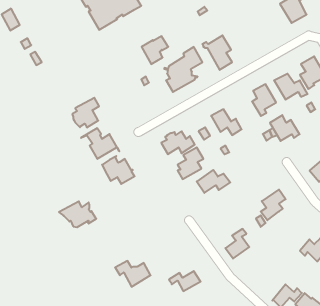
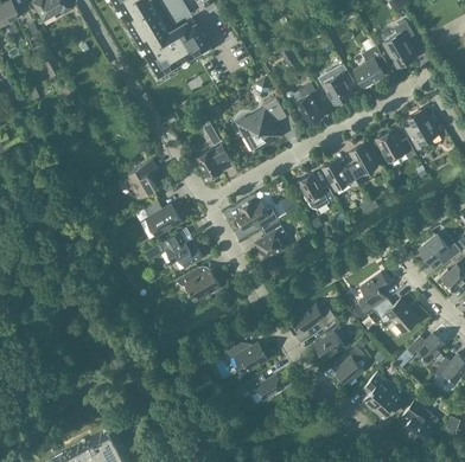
building: none -> [353,44,387,86]
building: none -> [319,63,353,103]
building: [142,36,168,64] -> [197,145,230,179]
building: [270,115,300,141] -> [323,158,359,190]
building: [197,170,230,193] -> [295,302,337,331]
building: [59,201,96,227] -> [176,265,222,297]
building: none -> [375,299,419,331]
building: none -> [336,344,365,383]
building: [115,261,151,287] -> [224,341,268,373]
building: none -> [363,371,395,410]

